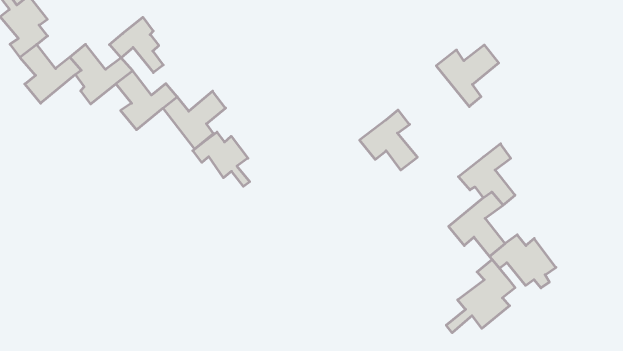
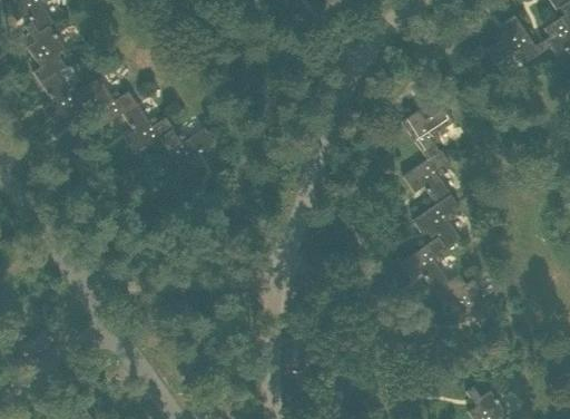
building: [109,17,163,73] -> none
building: [360,110,417,170] -> [403,150,452,203]
building: [193,132,250,186] -> none
building: [446,259,515,333] -> none

